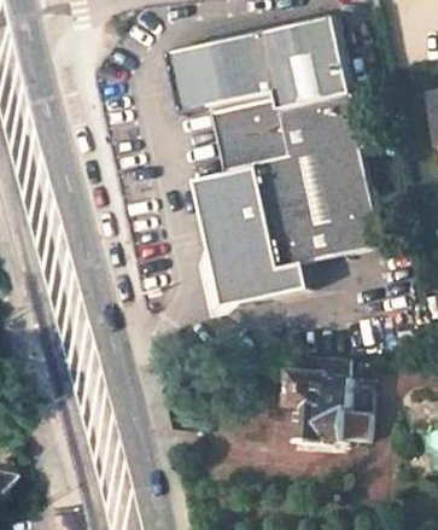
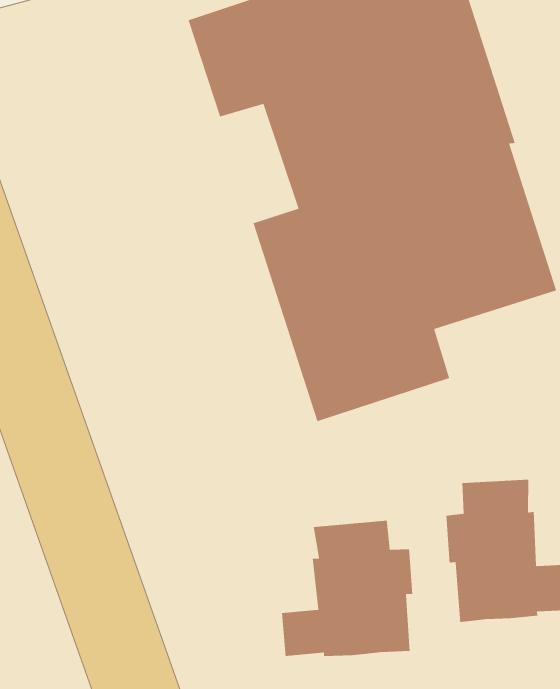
building: none -> [281,520,413,657]

